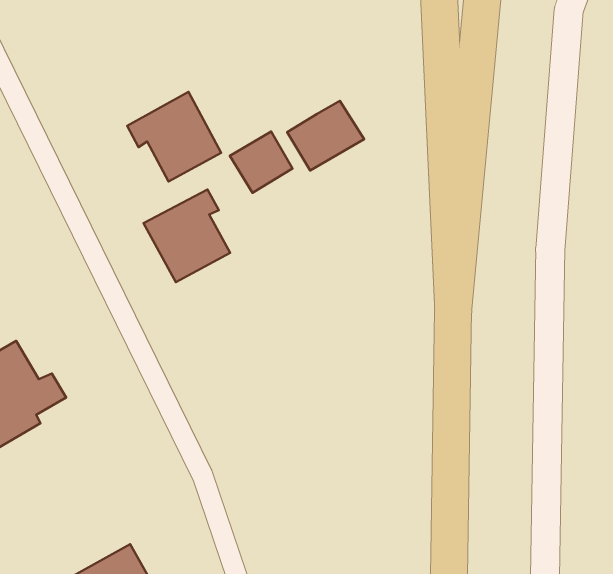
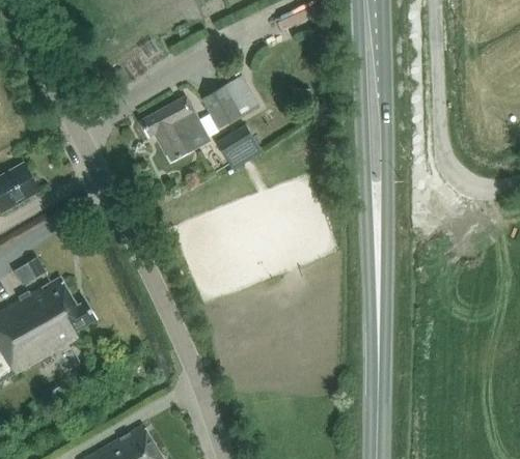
building: [287,101,364,171] -> [201,77,257,127]
building: [143,190,230,282] -> none

